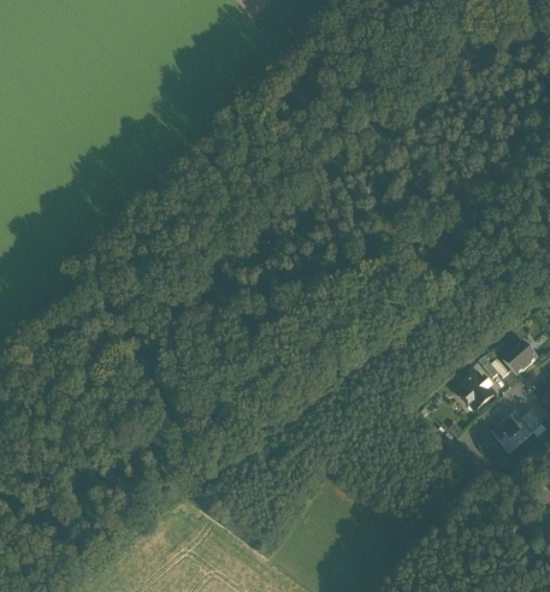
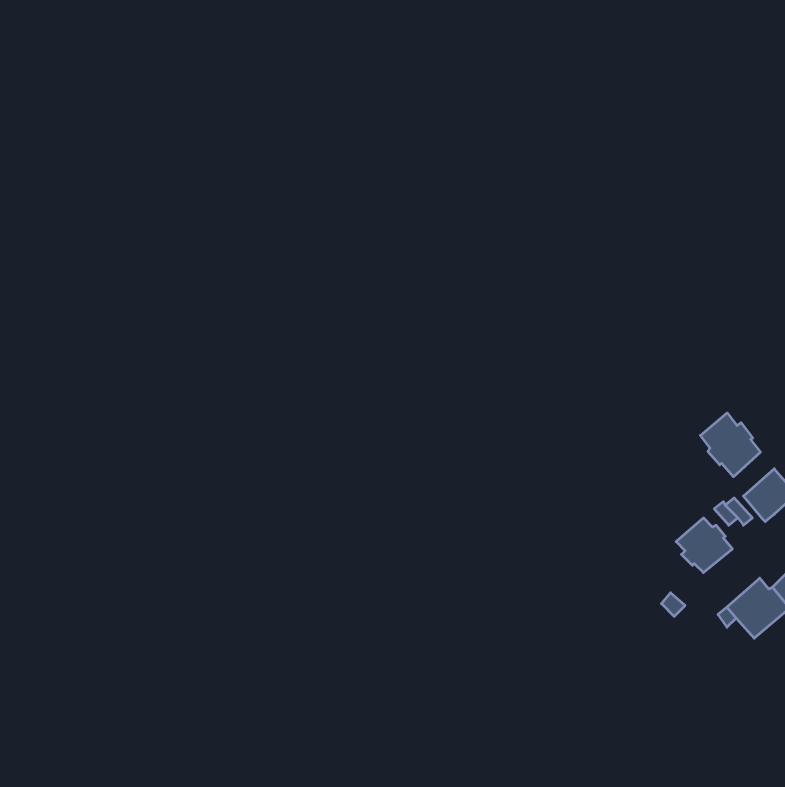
building: none -> [700,413,760,477]

